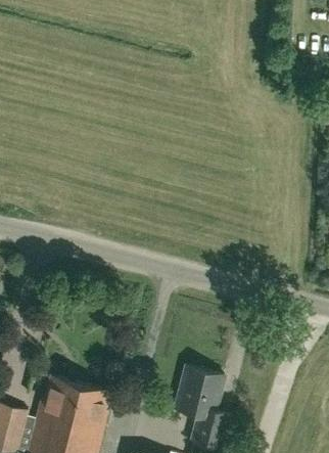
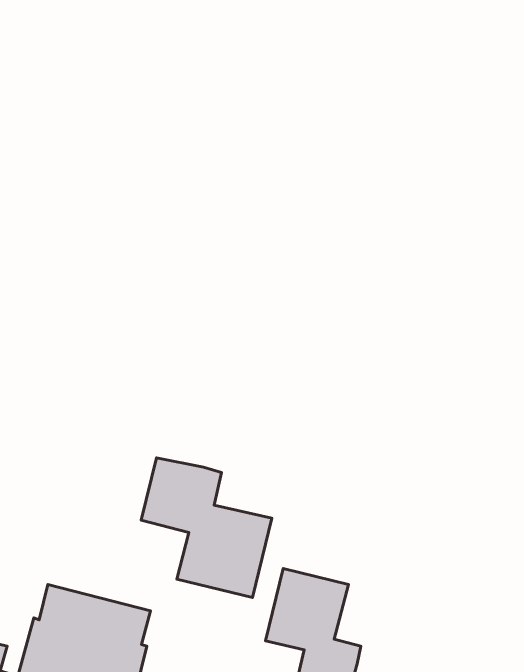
building: none -> [141,458,272,598]

